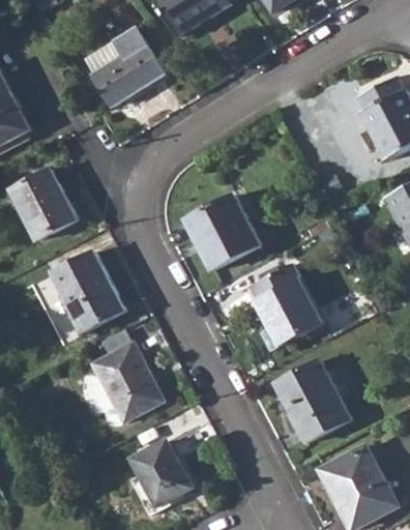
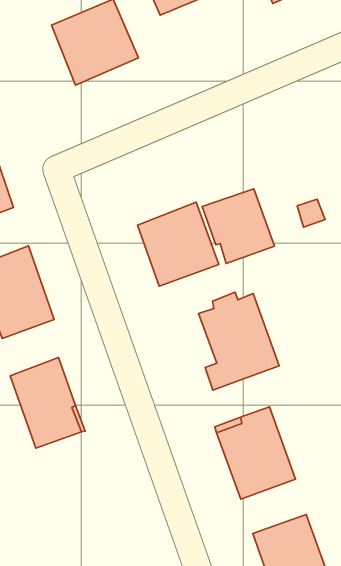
building: none -> [202,189,275,264]
building: [130,443,192,509] -> none

